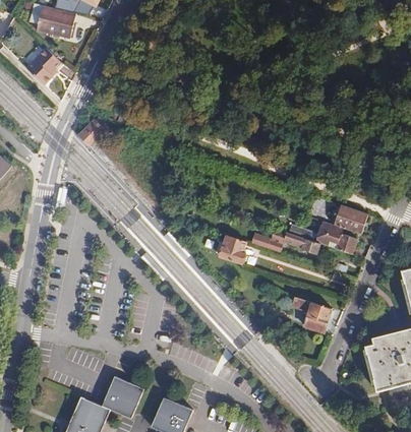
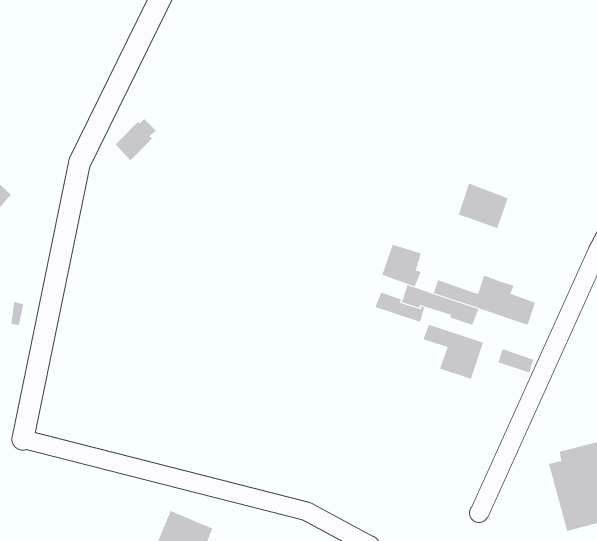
building: [25,48,60,83] -> none
building: [334,203,367,234] -> [458,183,509,229]
building: [219,234,245,262] -> [381,244,421,287]
building: [291,296,332,332] -> [422,324,484,379]

